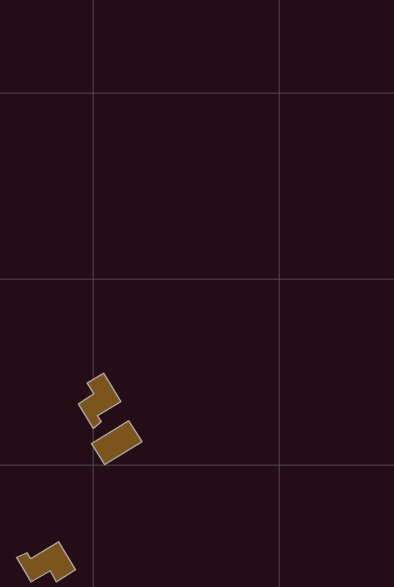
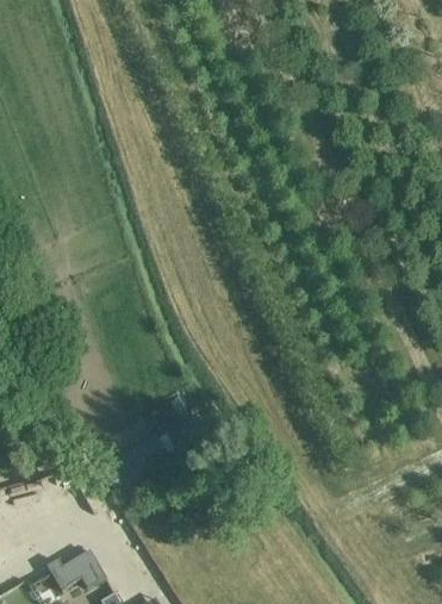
building: [78,373,121,428] -> none

